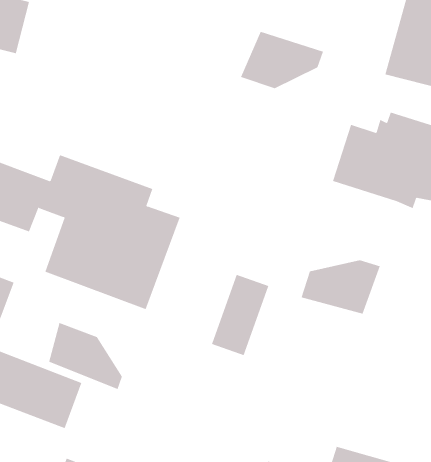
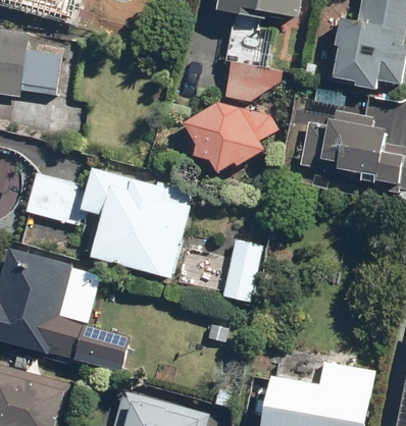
building: none -> [187,100,281,173]
building: [301,259,380,314] -> none
building: [49,322,123,390] -> none

